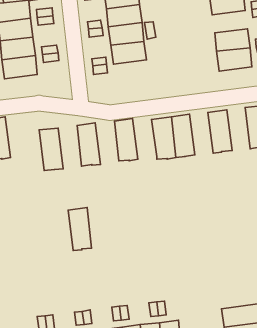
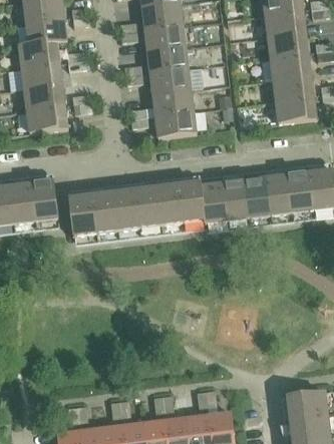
building: none -> [269,54,310,80]
building: none -> [154,111,196,138]
building: none -> [286,166,313,216]
building: none -> [243,172,270,221]
building: none -> [29,175,57,225]
building: none -> [177,176,205,227]
building: none -> [133,182,160,233]
building: [68,207,91,251] -> [90,187,117,238]

